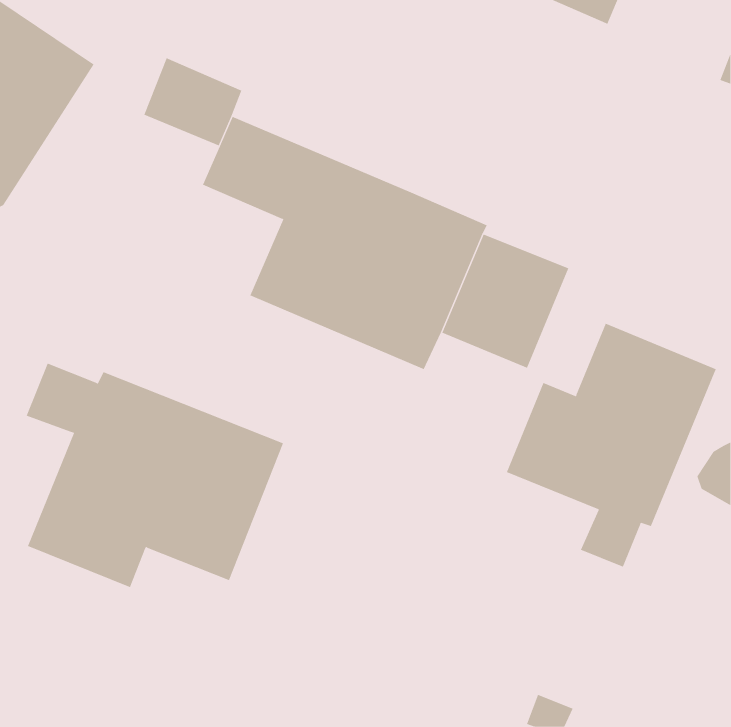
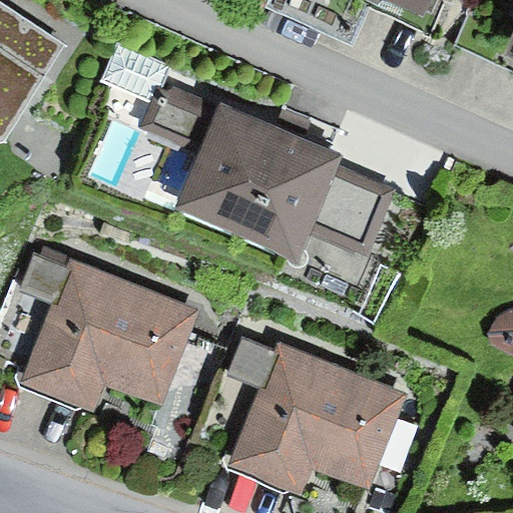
building: [506,323,716,568] -> none
building: none -> [226,337,406,496]

